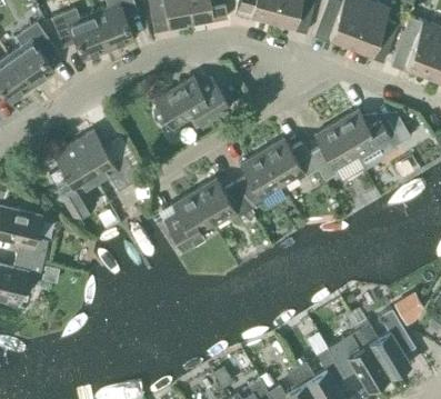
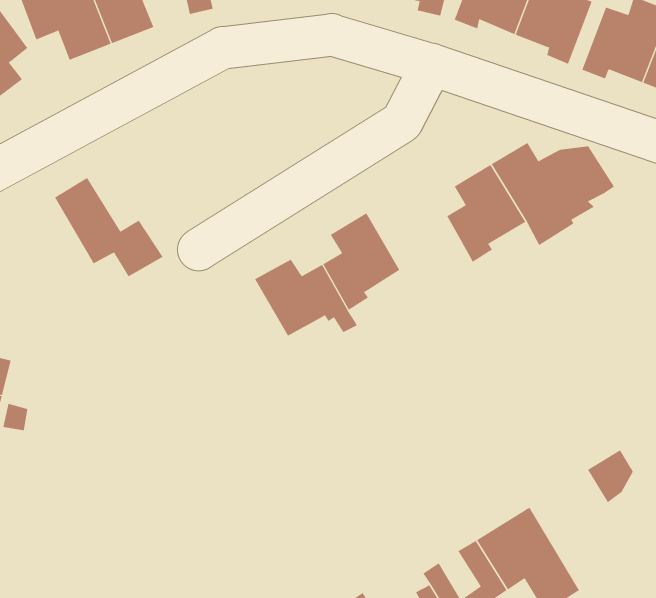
building: [153,76,229,127] -> none
building: [261,137,318,184] -> none
building: [52,141,97,216] -> none
building: [163,190,213,249] -> none
building: [359,308,414,377] -> none

